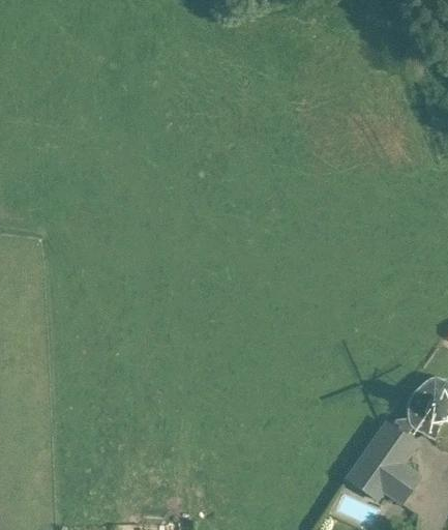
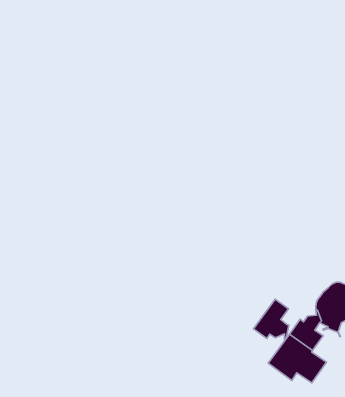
building: none -> [254,299,289,340]

